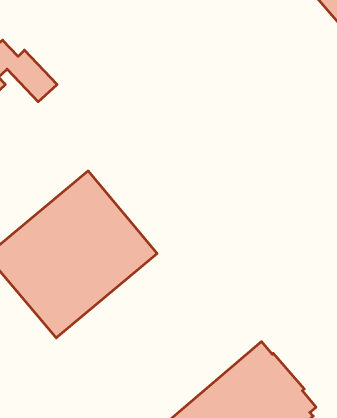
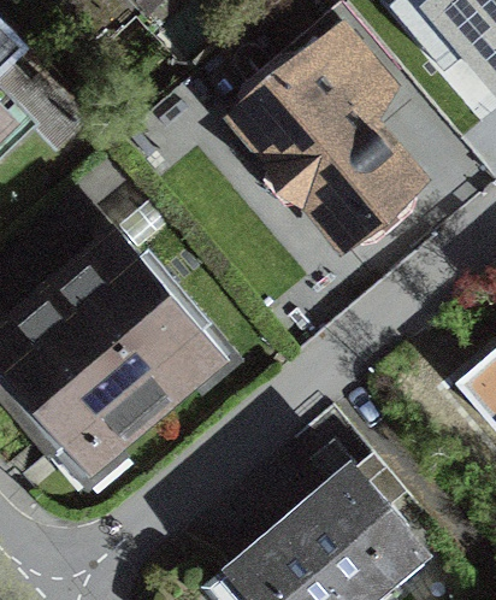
building: none -> [237,28,419,245]

